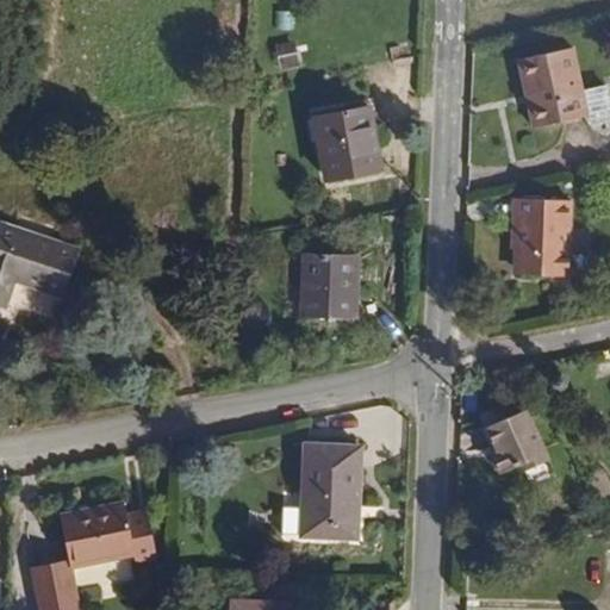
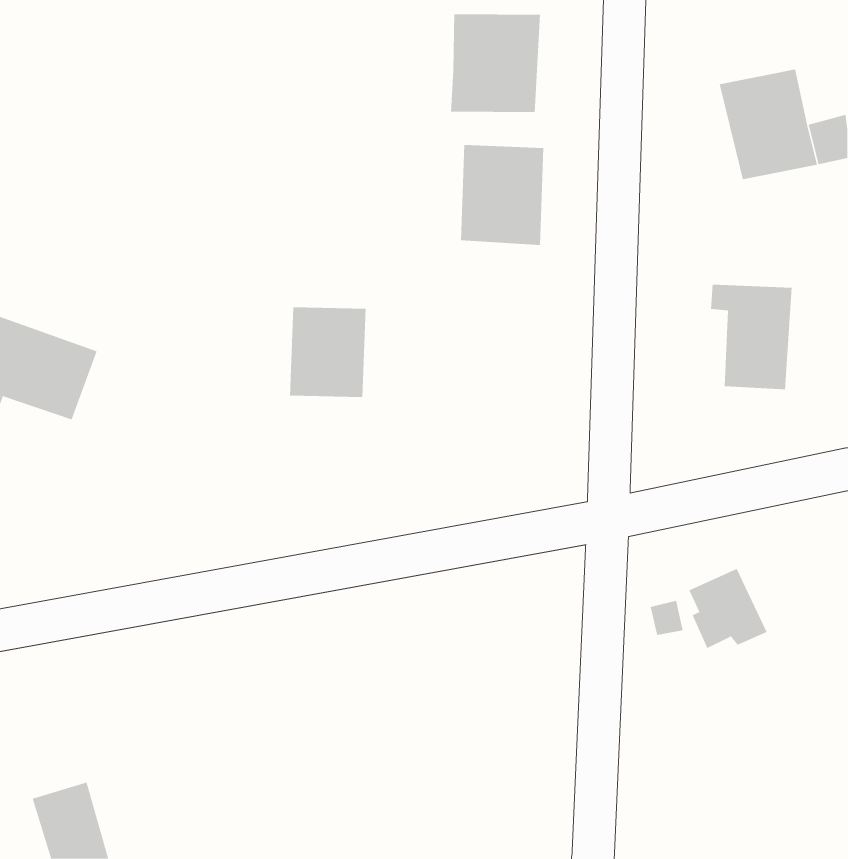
building: none -> [451,13,540,113]
building: [300,249,355,313] -> [289,307,367,397]
building: [312,448,369,543] -> none
building: [62,509,156,569] -> none

